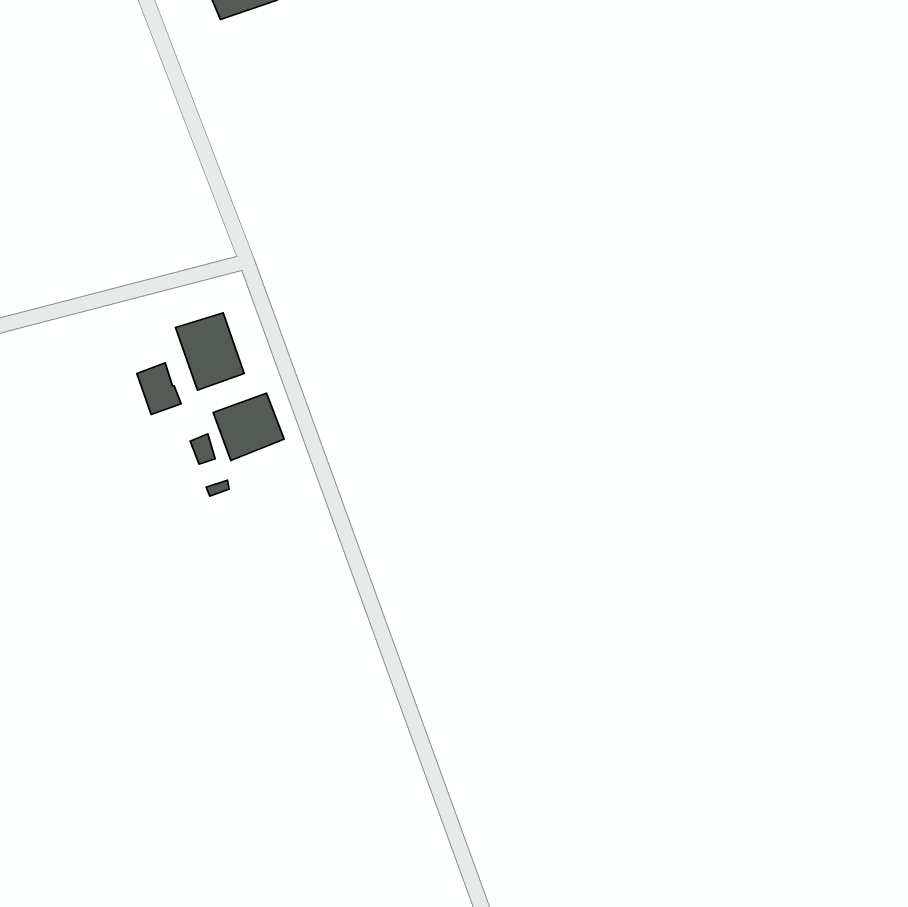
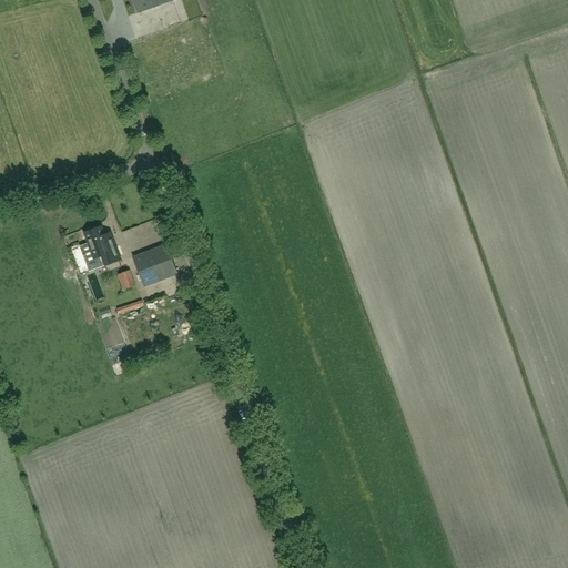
building: [175,313,244,390] -> none

